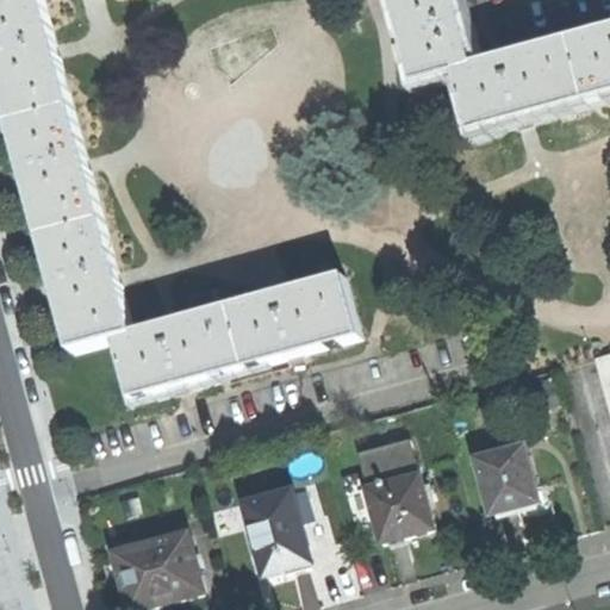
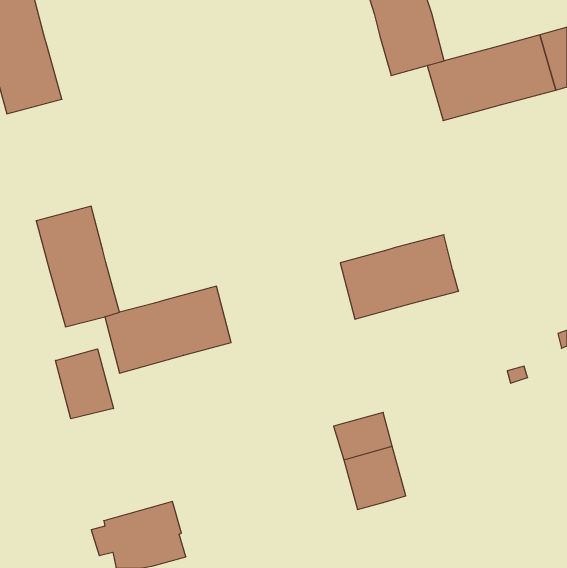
building: [7,105,97,234] -> none
building: [229,273,354,362] -> [340,235,459,319]
building: none -> [56,349,113,419]
building: [472,443,547,511] -> none
building: [239,487,311,571] -> none

